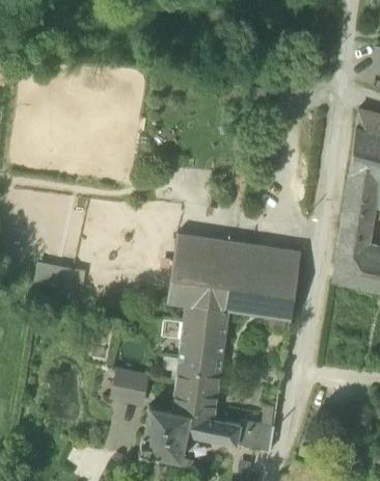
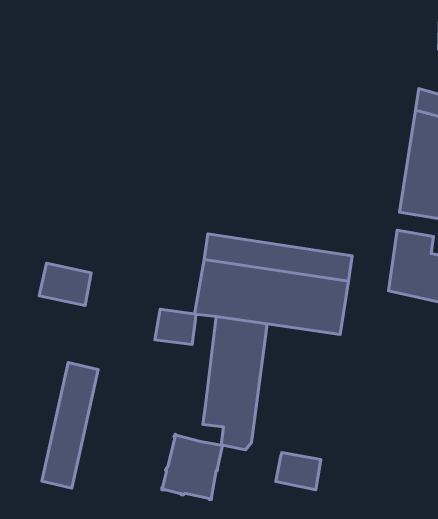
building: none -> [155,309,196,344]
building: none -> [42,363,98,488]
building: [112,369,147,403] -> none
building: [187,413,241,445] -> none

